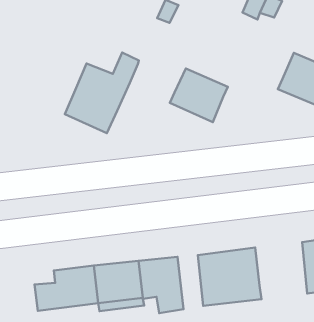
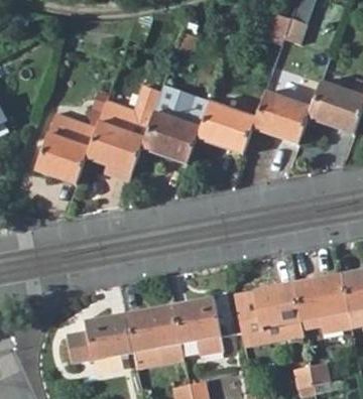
building: none -> [250,88,311,142]
building: none -> [140,99,199,164]
building: none -> [34,114,96,183]
building: none -> [294,273,352,331]

